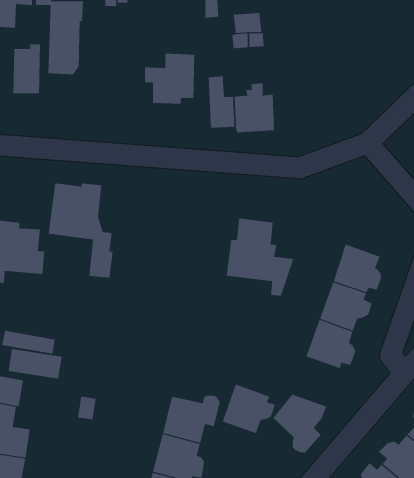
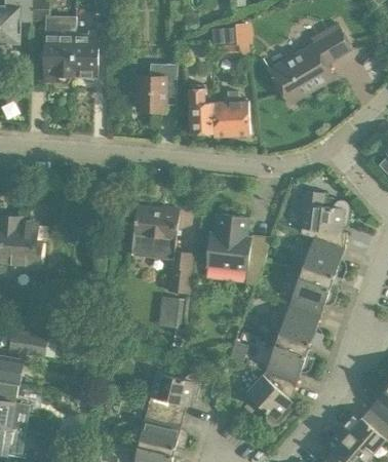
building: none -> [268,24,352,105]
building: [12,44,41,94] -> [72,31,98,76]
building: [48,183,114,278] -> [129,206,189,293]
building: none -> [299,189,349,247]
building: none -> [158,297,180,324]
building: [221,384,276,434] -> [264,338,313,383]

